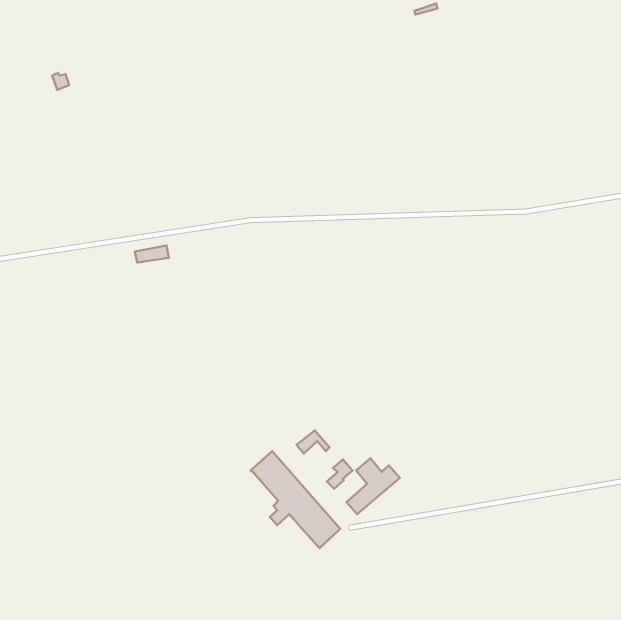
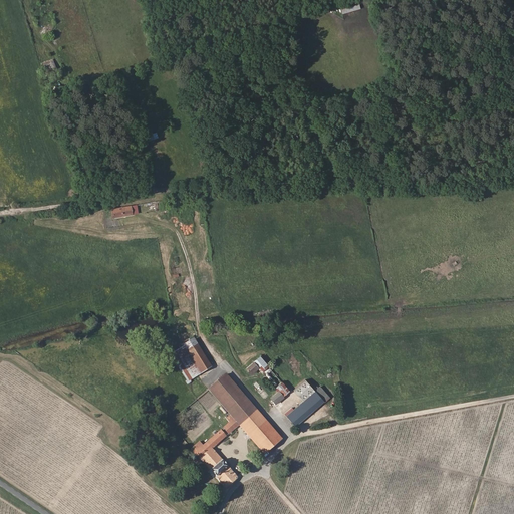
building: none -> [172,337,211,380]
building: none -> [193,429,237,487]

